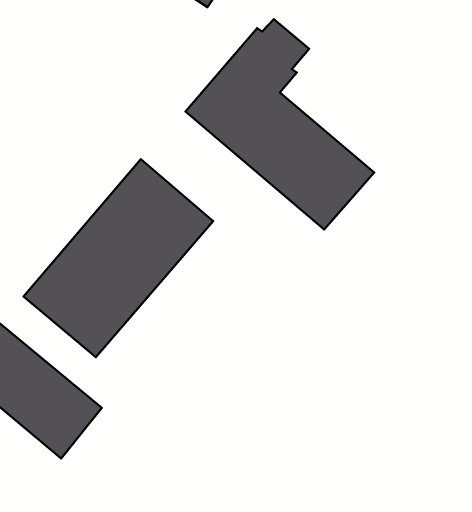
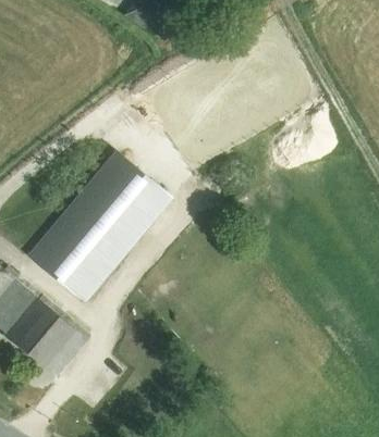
building: [185,19,374,230] -> none

